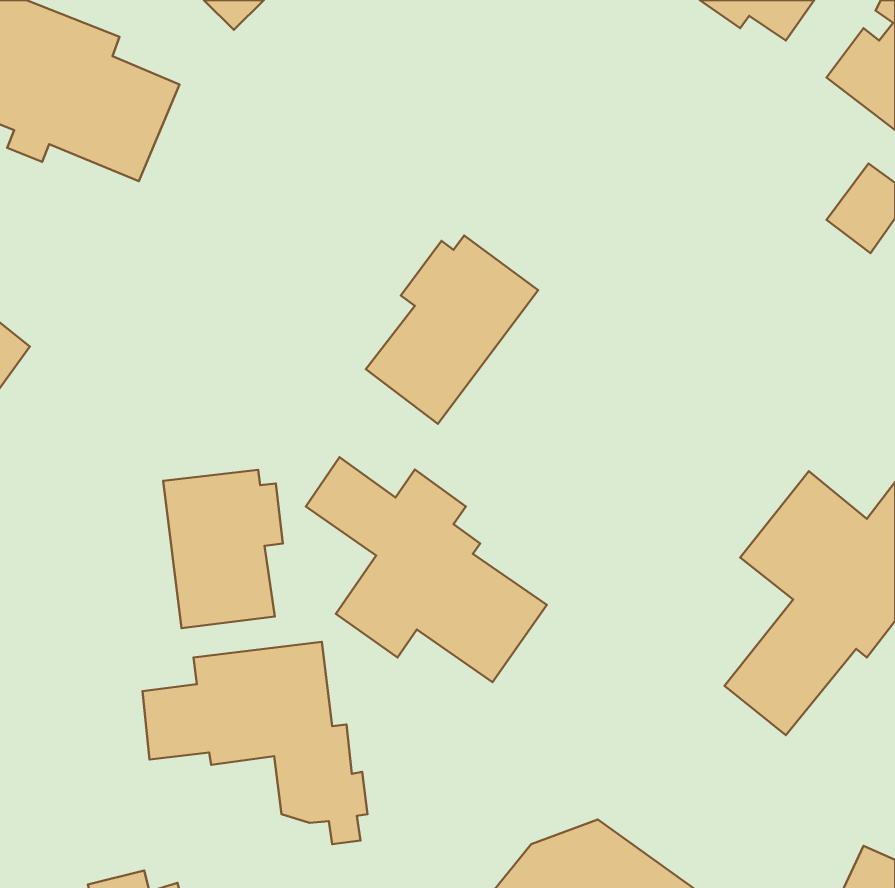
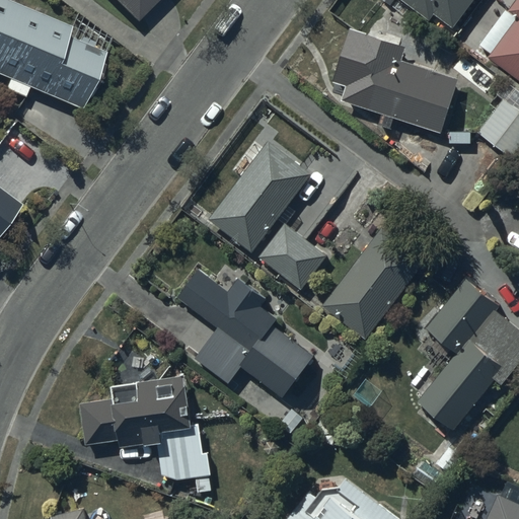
building: none -> [343,31,458,131]
building: none -> [257,225,326,292]
building: none -> [322,226,427,340]
building: [163,470,283,628] -> none

